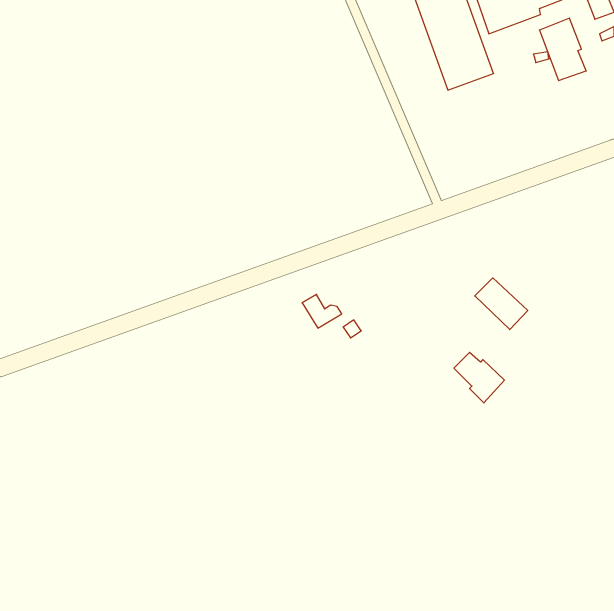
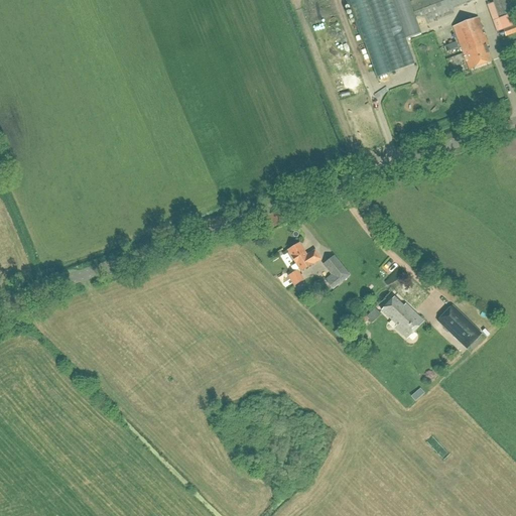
building: [475,278,528,330] -> [436,302,481,346]
building: [302,294,342,328] -> [286,241,319,269]
building: none -> [322,254,348,286]

